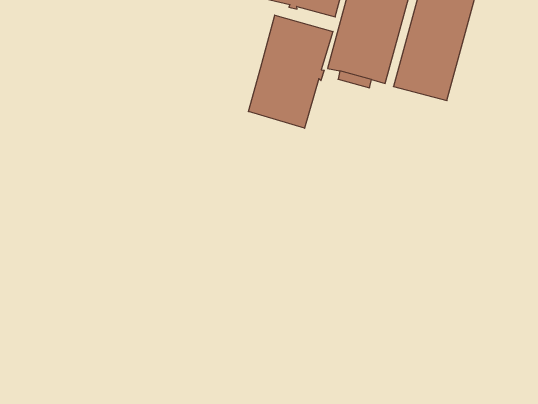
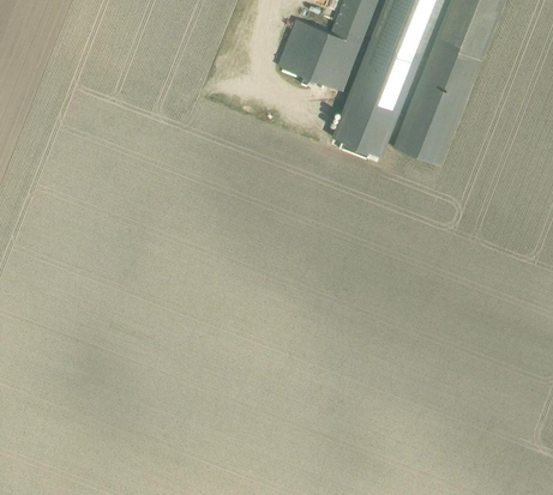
building: [248,15,333,128] -> none

